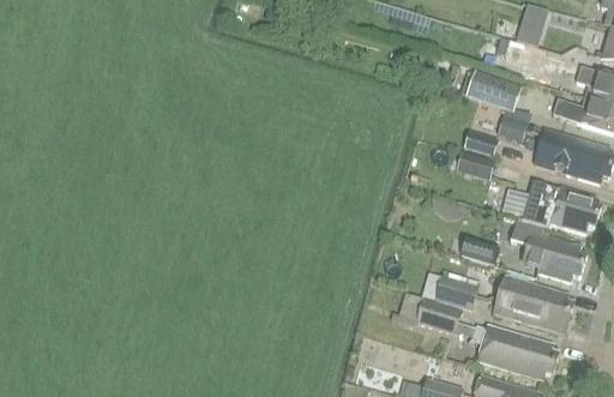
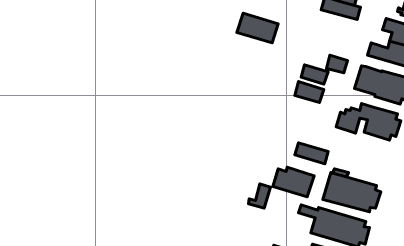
building: [466,70,523,110] -> [237,13,278,43]
building: [511,218,586,282] -> none
building: [417,300,464,335] -> none

